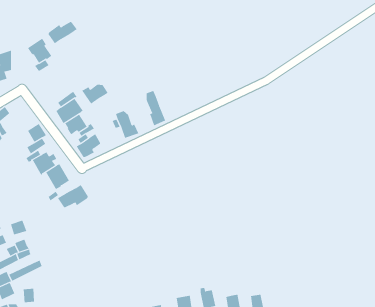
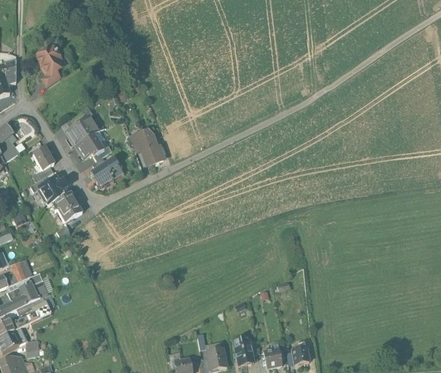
building: [48,21,78,44] -> none
building: [81,84,108,105] -> none
building: [146,90,166,126] -> none
building: [57,184,88,208] -> none

